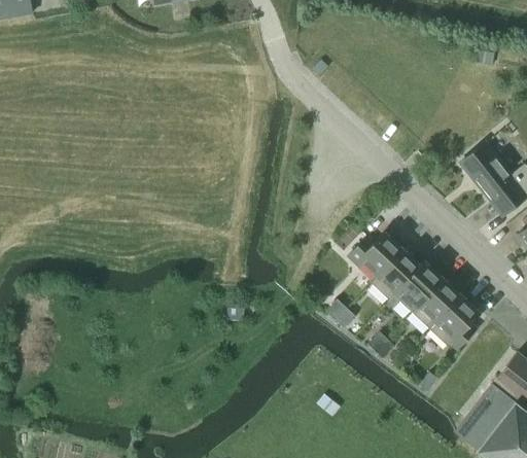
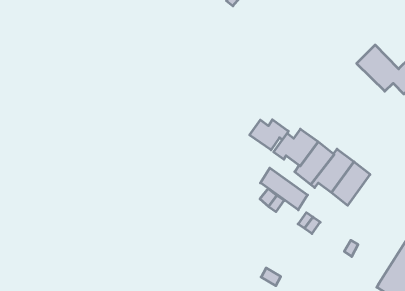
building: none -> [250,120,288,150]
building: none -> [260,168,308,210]
building: [429,296,479,350] -> none

